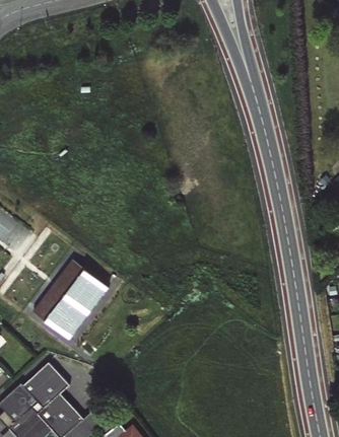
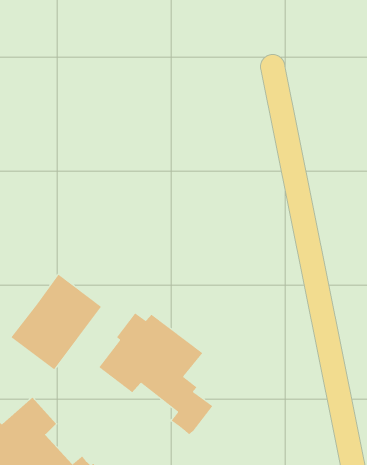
building: none -> [99,312,213,435]

